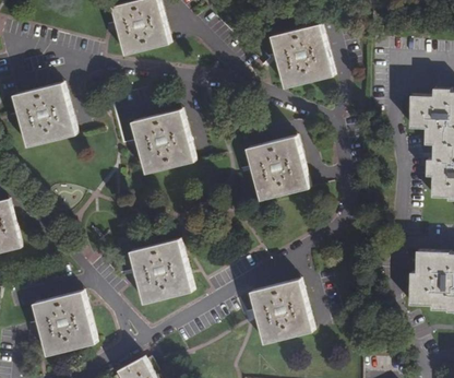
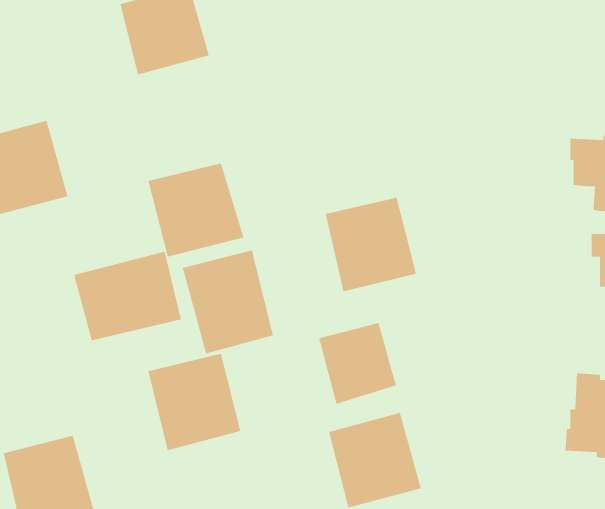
building: [271,21,332,85] -> none
building: none -> [182,249,274,355]
building: none -> [73,251,182,341]
building: none -> [318,322,397,405]

